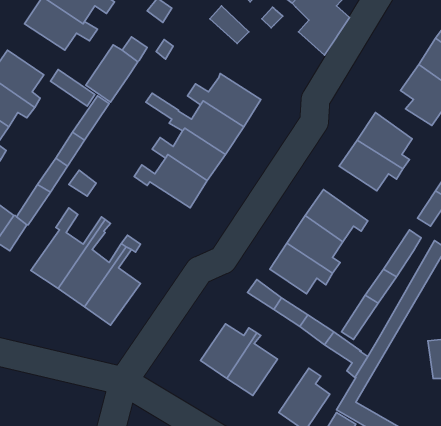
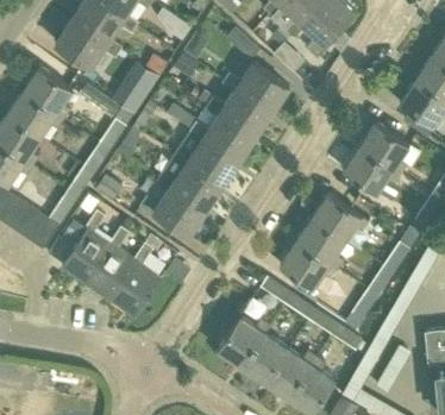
building: none -> [221,63,288,111]
building: none -> [139,186,207,234]
building: none -> [264,347,315,396]

